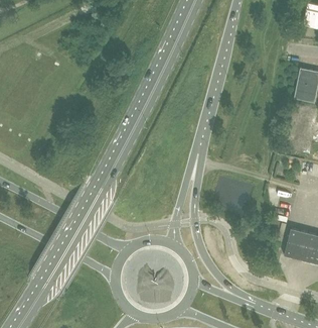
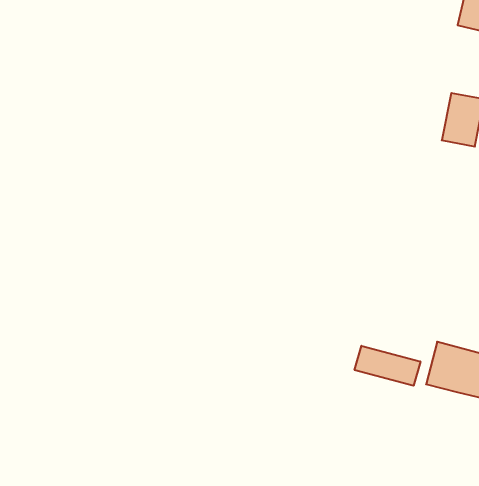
building: none -> [355,346,420,386]

